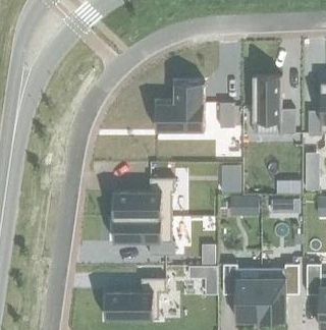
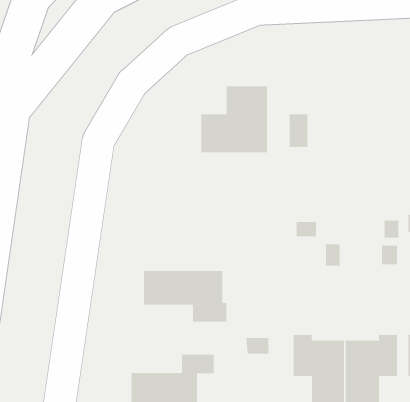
building: [253,75,293,133] -> none
building: [113,177,173,217] -> none

